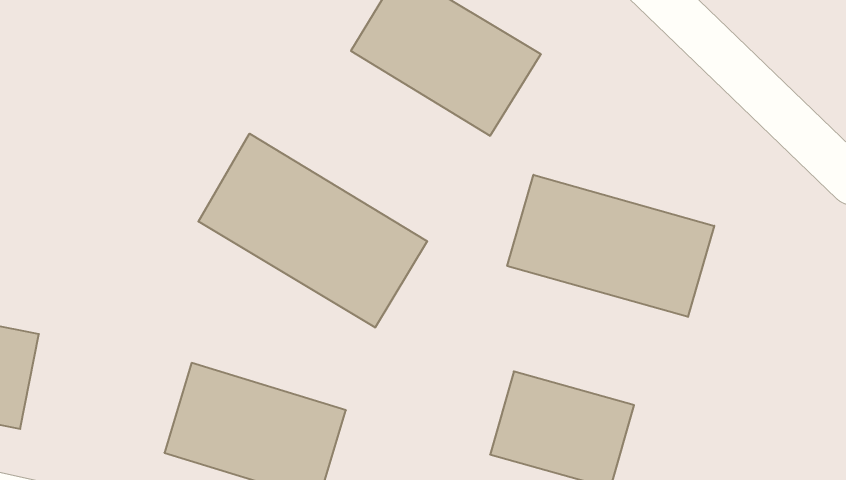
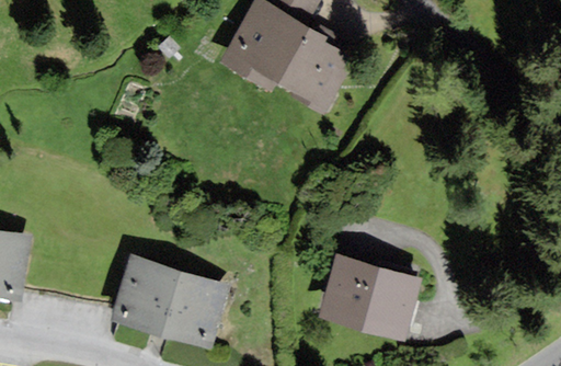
building: [198,134,427,328] -> none
building: [507,175,714,317] -> none

